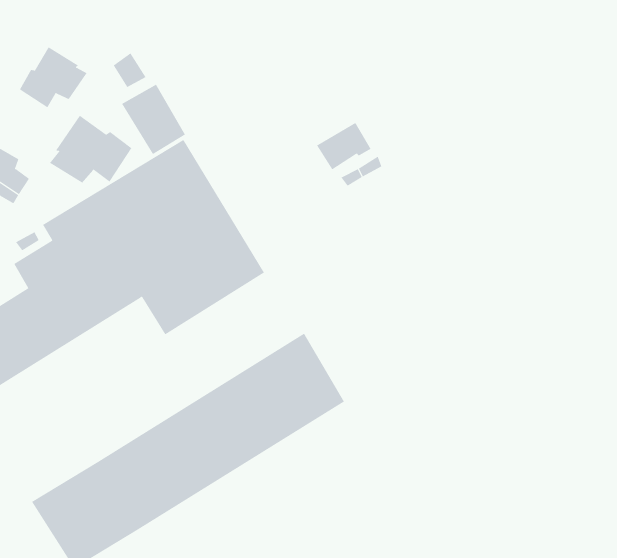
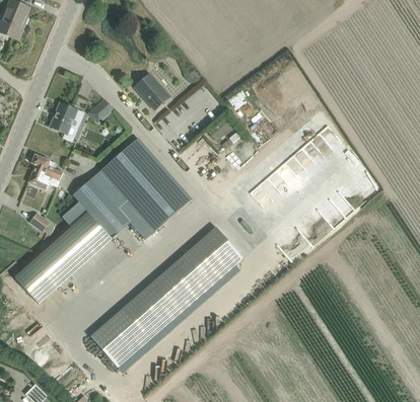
building: [121,84,186,155] -> [133,74,168,110]
building: [49,115,132,184] -> none

